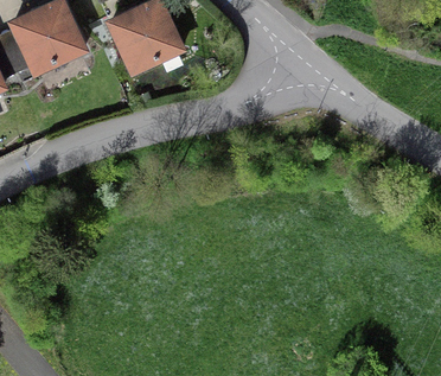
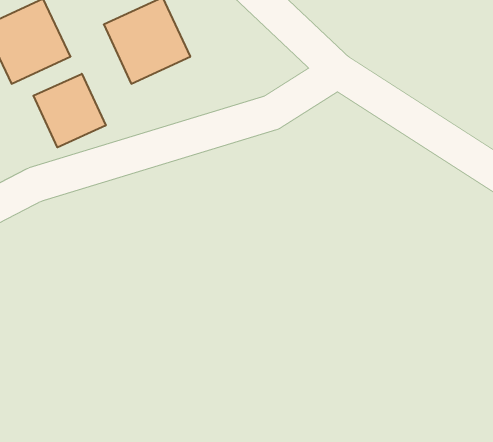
building: none -> [33,74,106,147]

